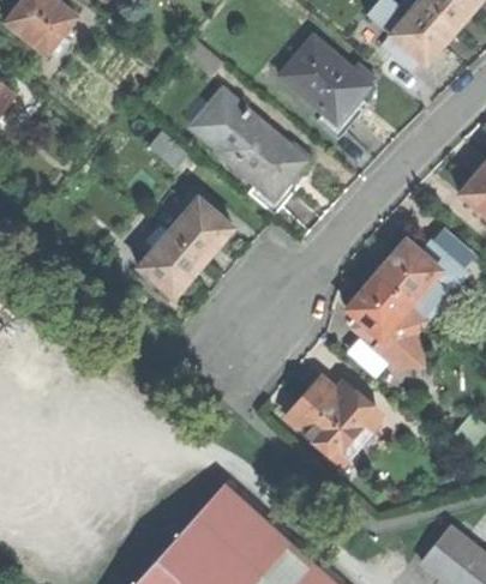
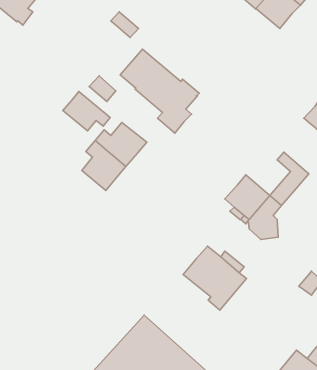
building: [277,41,370,143] -> none
building: none -> [63,91,110,131]
building: [376,240,440,305] -> none

